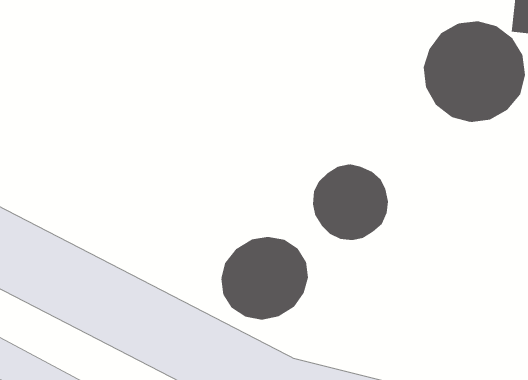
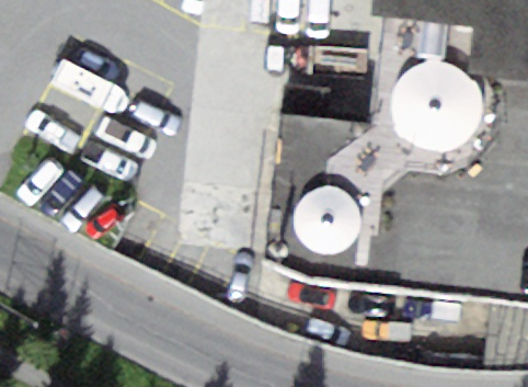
building: [221,236,309,320] -> none

